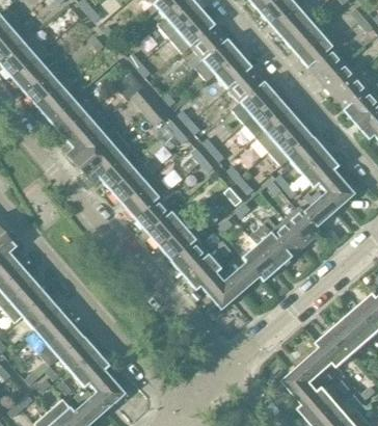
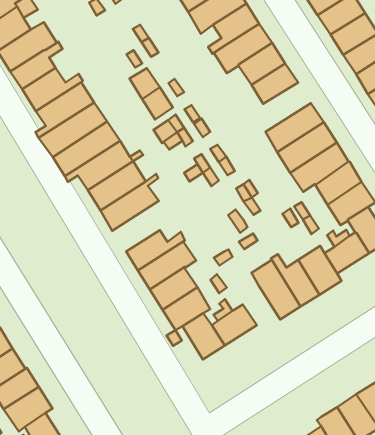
building: [231,80,275,123] -> none
building: [134,184,178,233] -> none
building: [241,244,276,281] -> none

